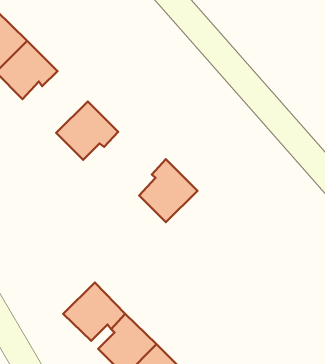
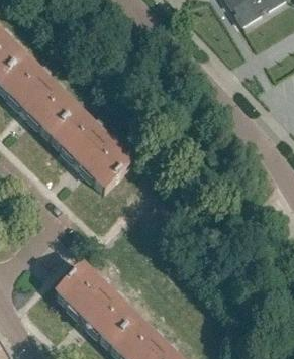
building: none -> [30,85,81,138]
building: [139,159,197,222] -> [84,137,134,192]

